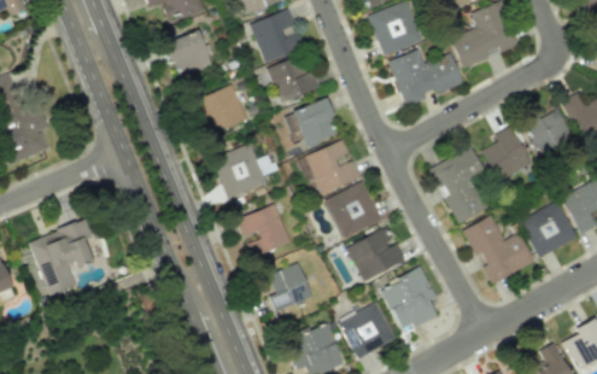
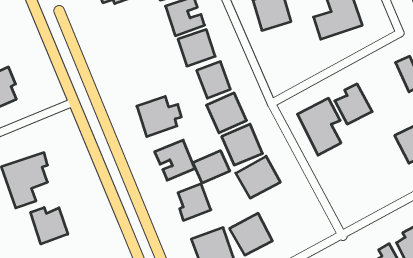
building: [165,29,211,77] -> none
building: [388,48,462,105] -> none
building: [195,83,247,134] -> none
building: [526,109,573,154] -> none
building: [520,200,578,257] -> none
building: [464,214,534,284] -> none
building: none -> [193,151,230,183]
building: [381,267,438,328] -> none
building: none -> [31,207,68,244]

